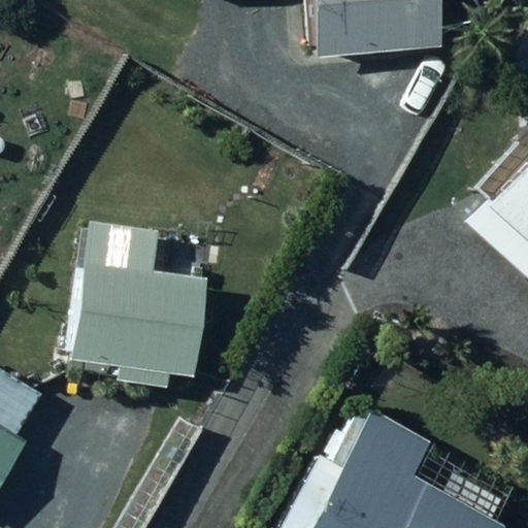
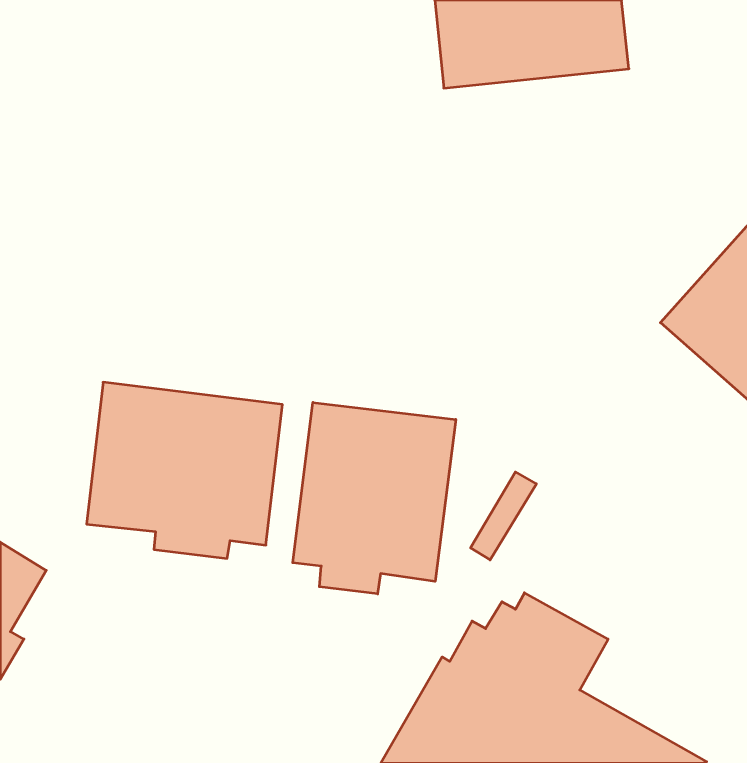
building: none -> [293,402,456,594]

